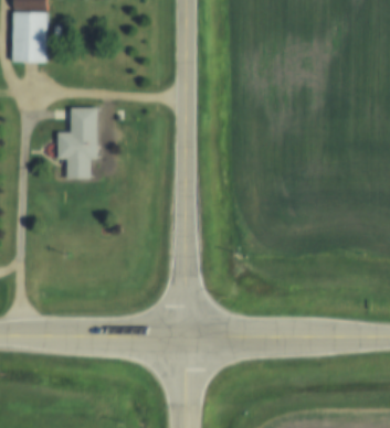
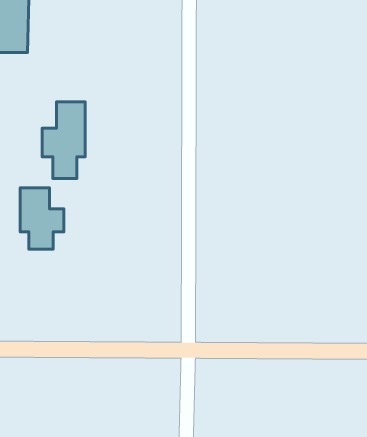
building: none -> [20,188,64,249]

